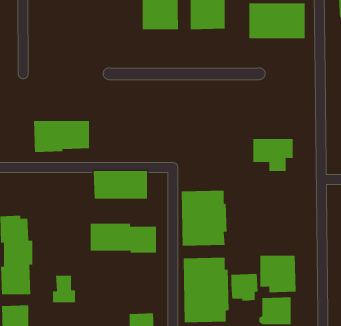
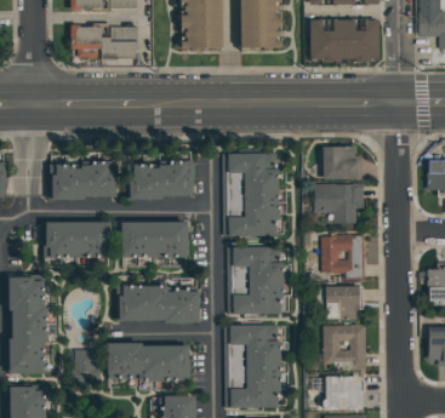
building: none -> [70,23,137,58]
building: none -> [323,147,361,179]
building: none -> [222,153,278,236]
building: none -> [126,160,193,199]
building: none -> [45,221,107,254]
building: none -> [320,235,364,280]
building: none -> [105,343,189,382]
building: [231,273,259,301] -> [325,286,359,320]

